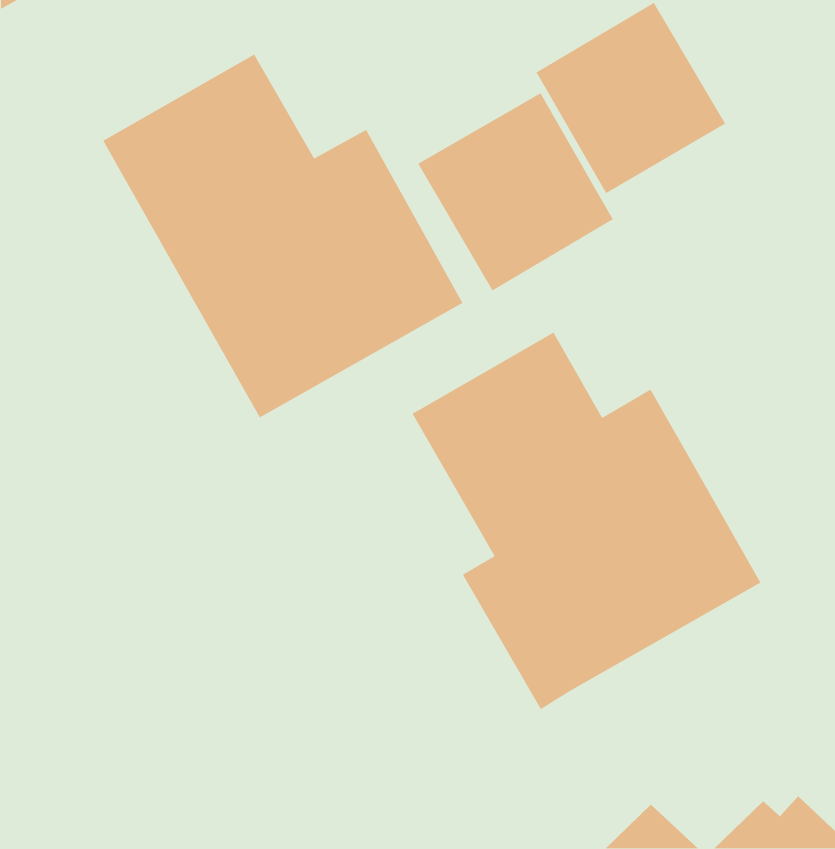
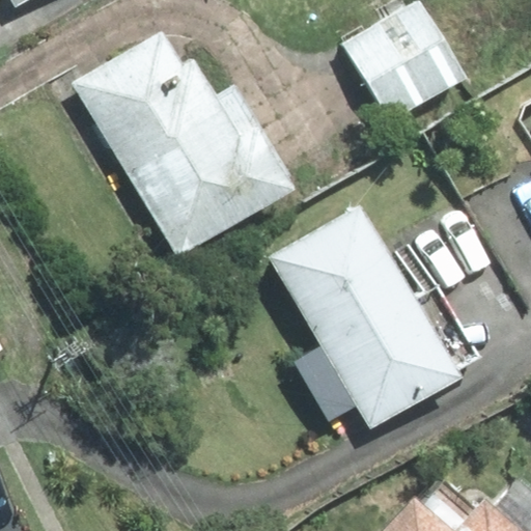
building: [417,92,614,292] -> none

